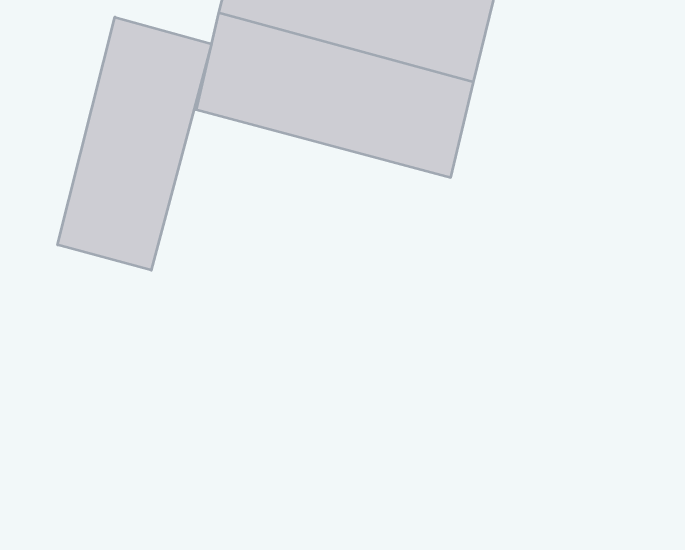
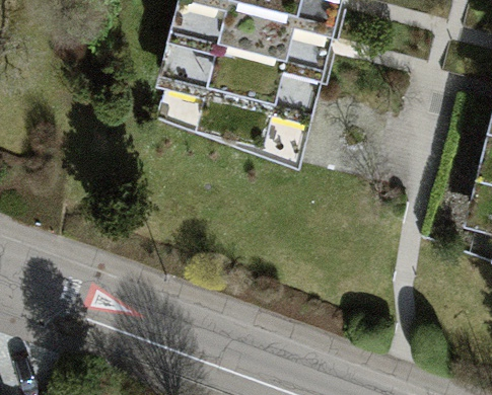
building: [58,17,211,270] -> none

